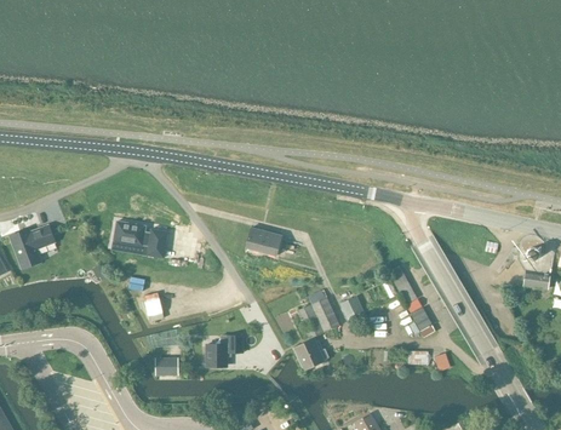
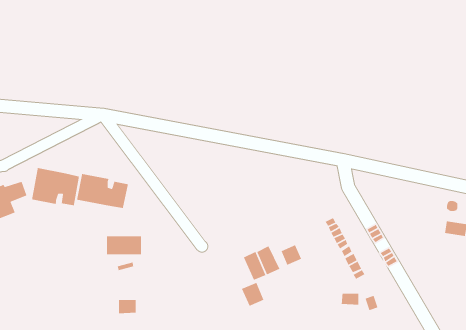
building: none -> [31,167,80,206]
building: [245,227,281,254] -> none
building: [206,336,244,365] -> none

